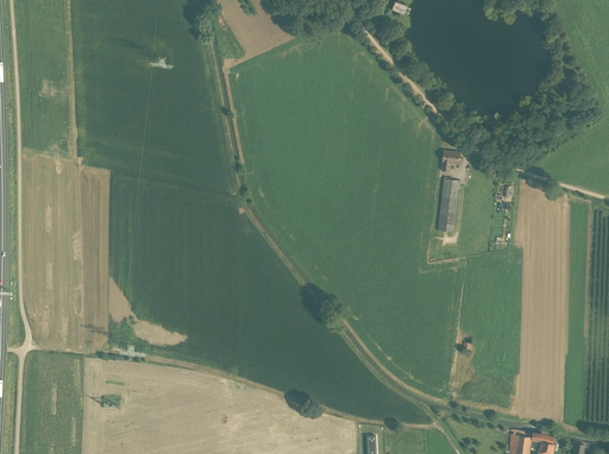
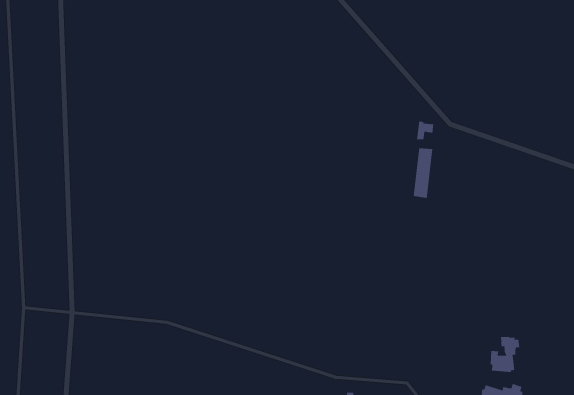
building: none -> [490,336,520,373]

